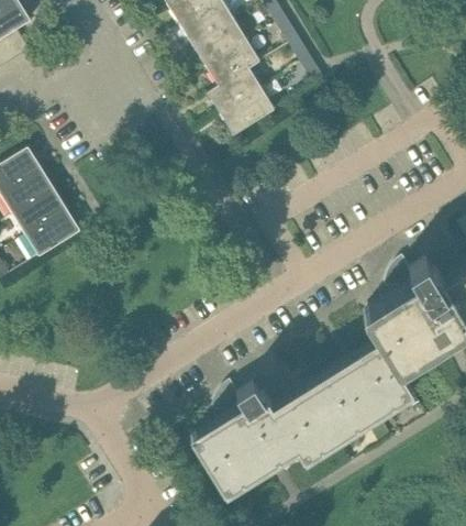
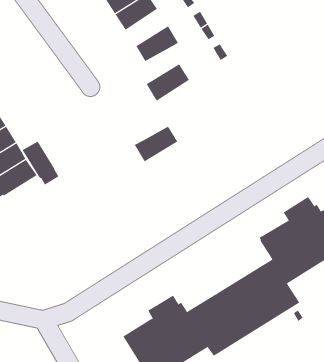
building: [195,23,249,70] -> none
building: [208,73,264,119] -> [134,126,178,162]
building: none -> [22,141,59,186]

